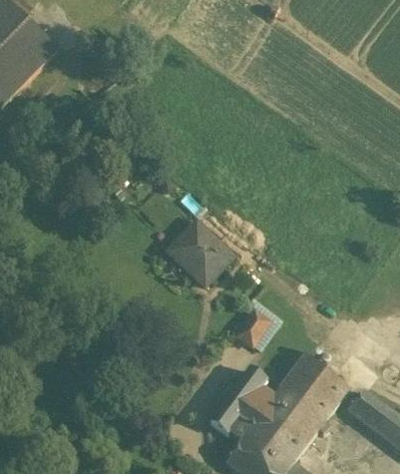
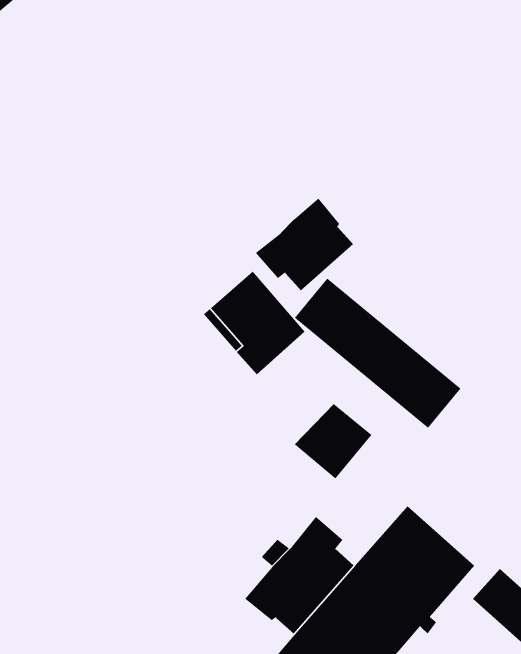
building: none -> [255,197,354,291]
building: none -> [294,277,462,429]

